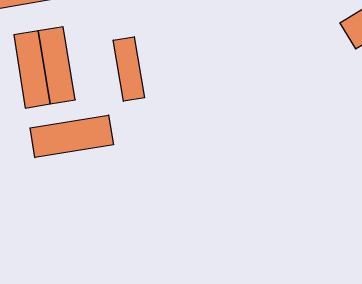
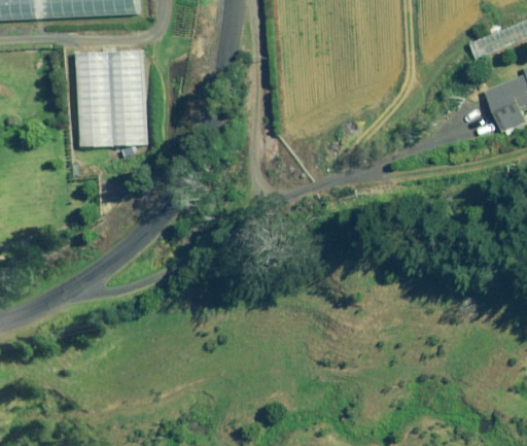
building: [113,37,144,101] -> none
building: [30,115,113,158] -> none

